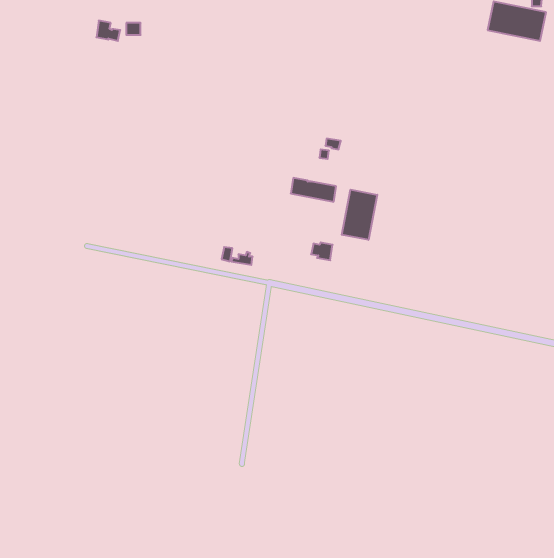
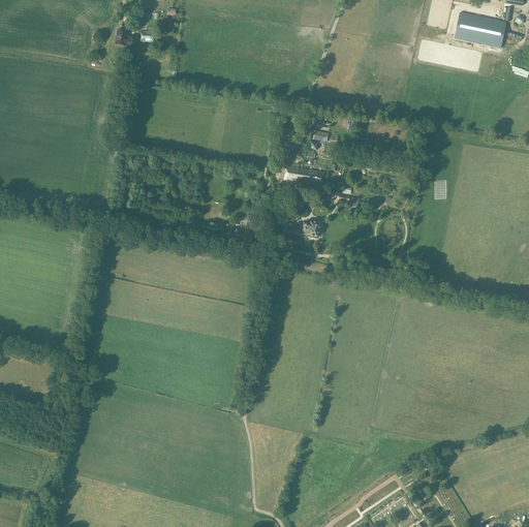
building: [342,190,377,240] -> none

